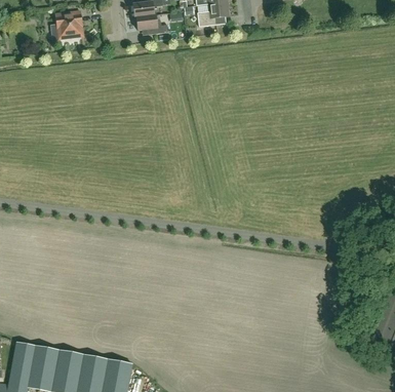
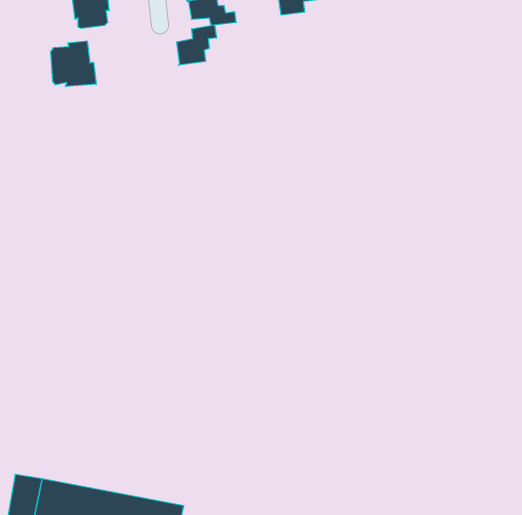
building: none -> [177,25,216,65]
building: none -> [51,41,96,87]

